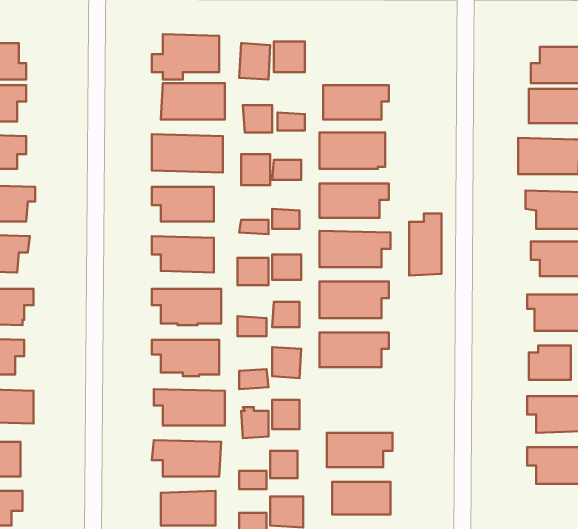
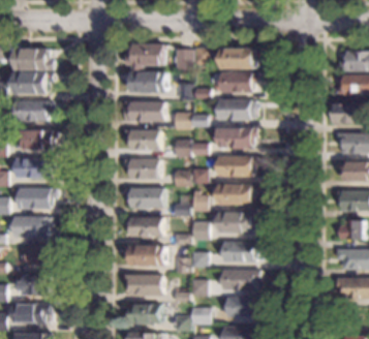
building: none -> [221,49,258,68]
building: [409,213,441,275] -> none
building: none -> [223,242,260,261]

